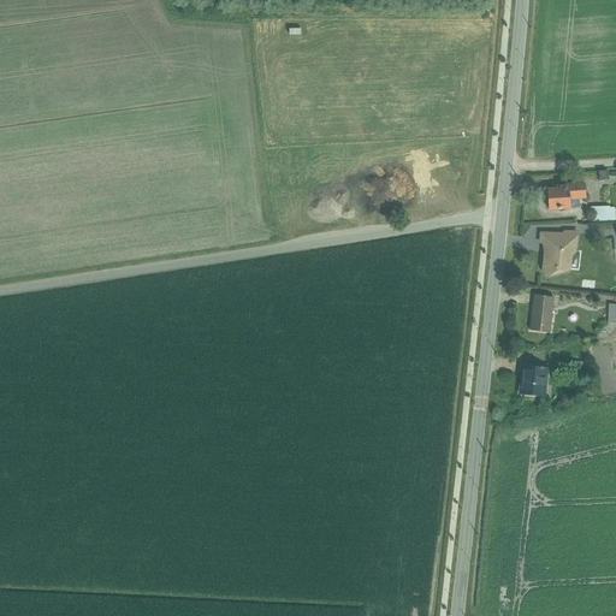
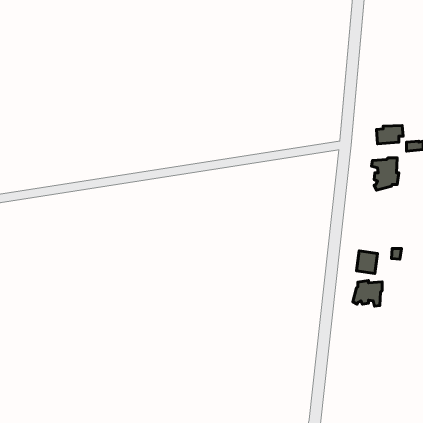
building: [529,294,552,331] -> none
building: none -> [353,281,382,306]

